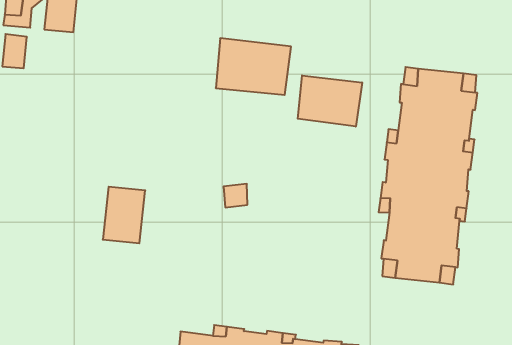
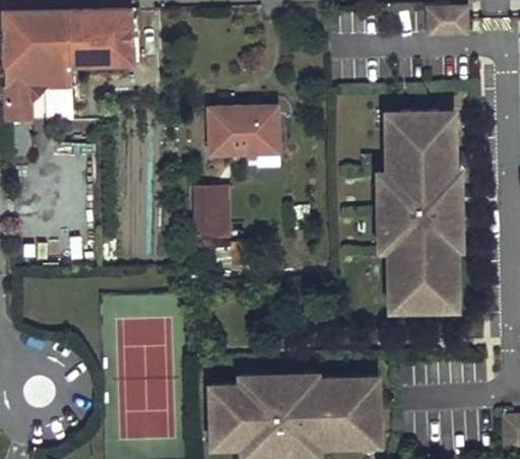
building: [298,75,362,127] -> none
building: [103,187,145,243] -> [193,187,229,238]

